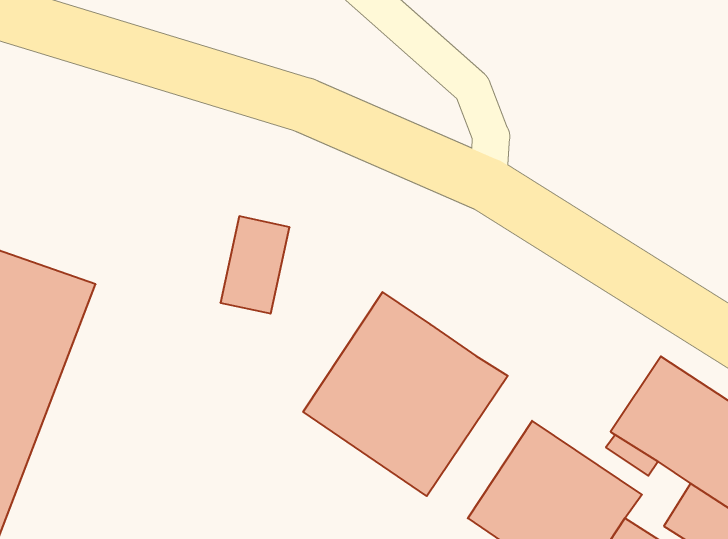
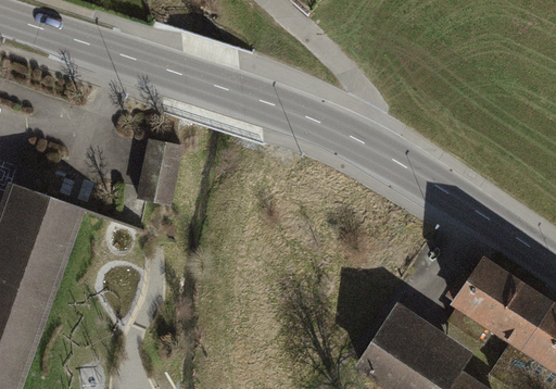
building: [220,216,290,314] -> [137,137,185,204]
building: [303,292,508,496] -> none

